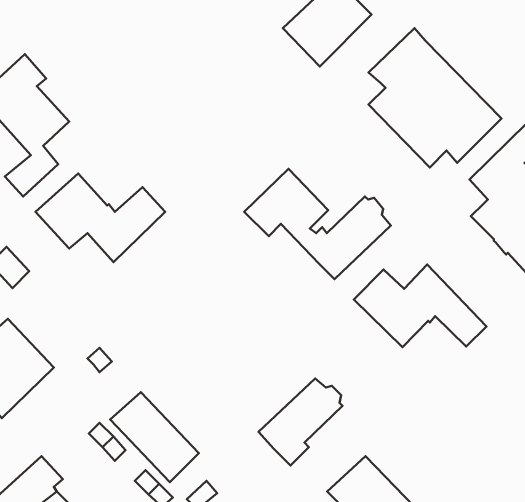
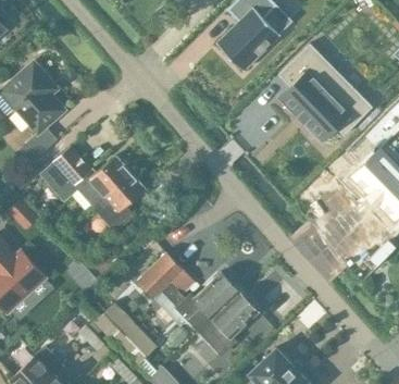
building: [244,169,391,279] -> [136,252,240,331]
building: none -> [97,174,146,232]
building: [354,265,487,347] -> none

